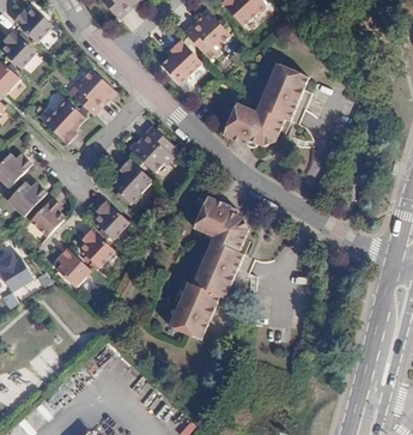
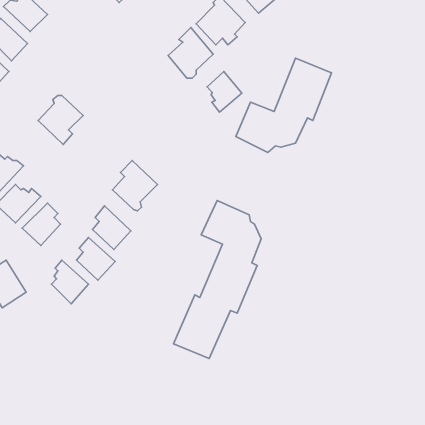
building: [72,70,115,111] -> none
building: none -> [207,72,242,112]
building: [129,127,174,171] -> none

